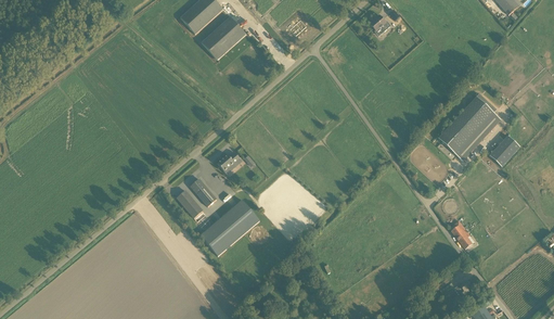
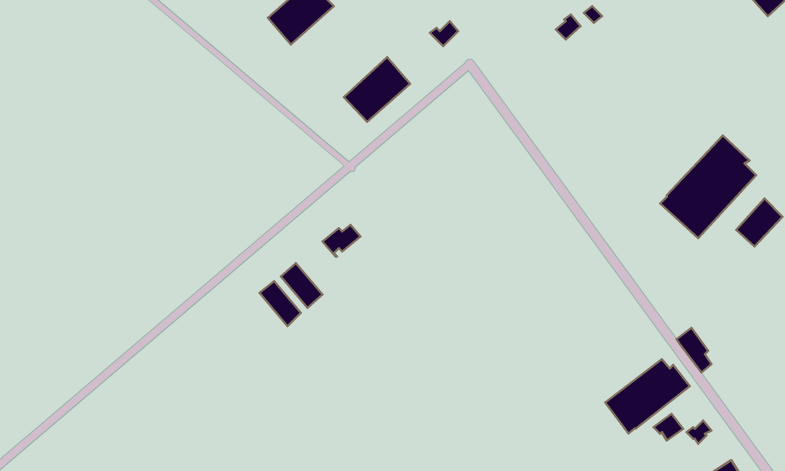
building: [202,16,245,59] -> [344,57,410,122]
building: [199,200,258,255] -> none
building: none -> [605,359,690,433]

